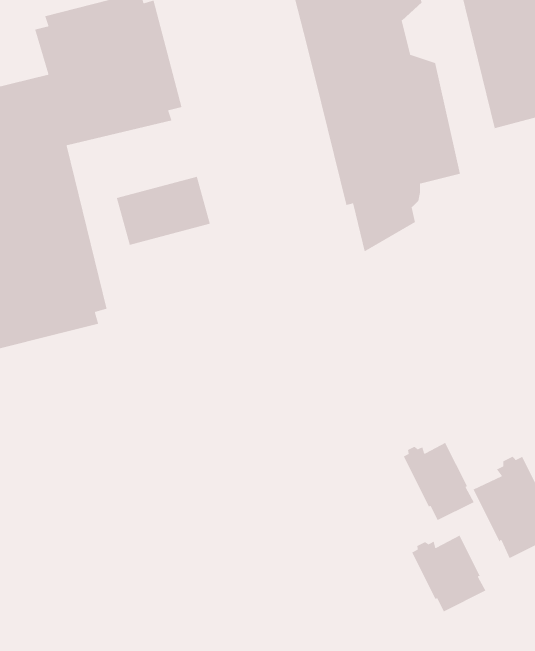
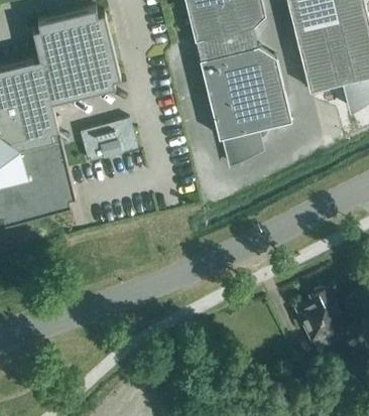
building: [403,442,475,521] -> none
building: [411,534,486,612] -> none

